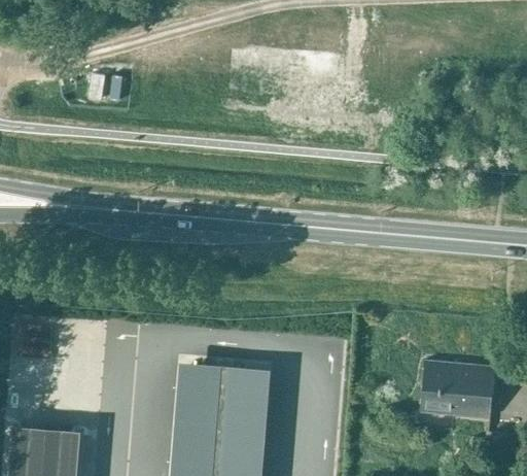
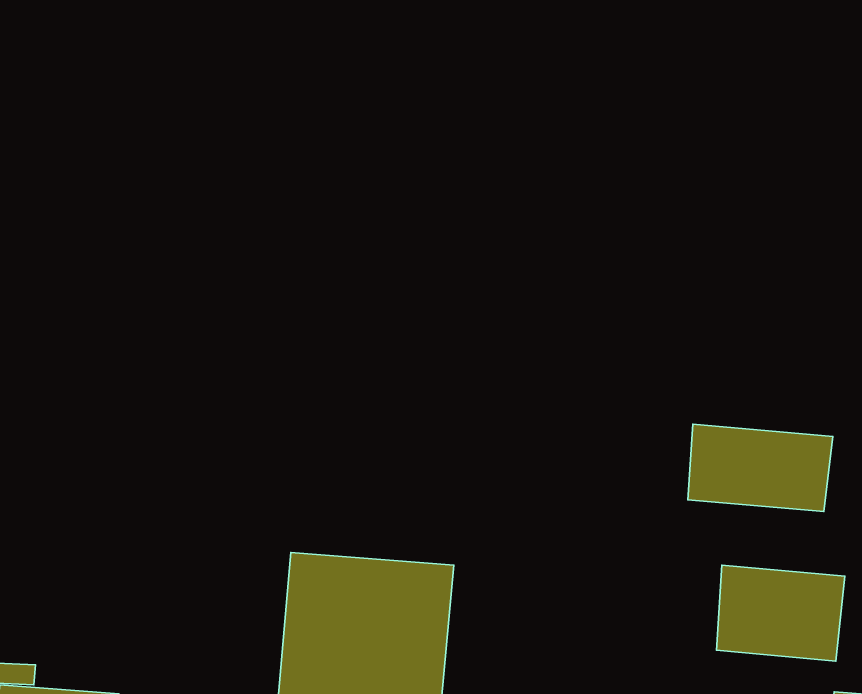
building: none -> [688,424,833,511]

